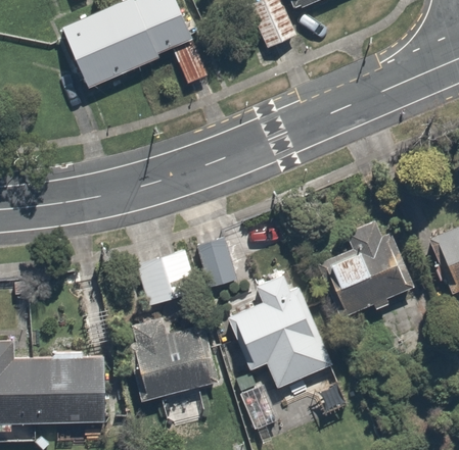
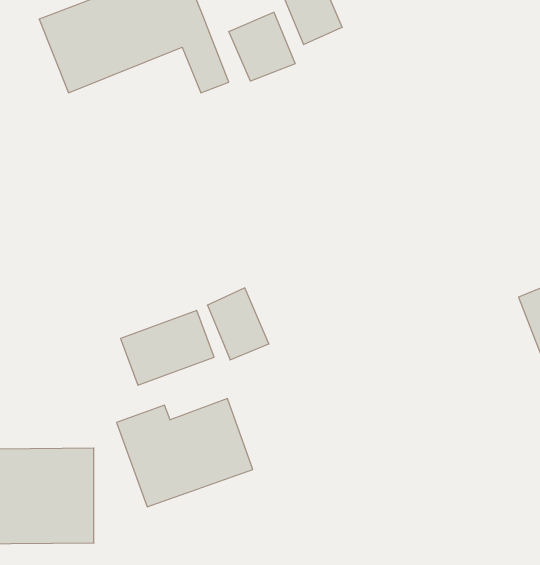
building: none -> [229,12,295,81]
building: [326,221,413,319] -> none
building: [229,273,328,438] -> none

